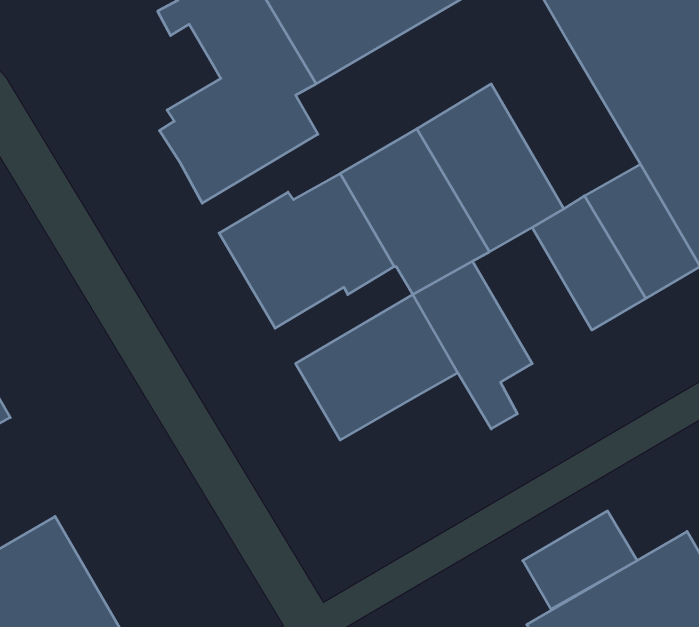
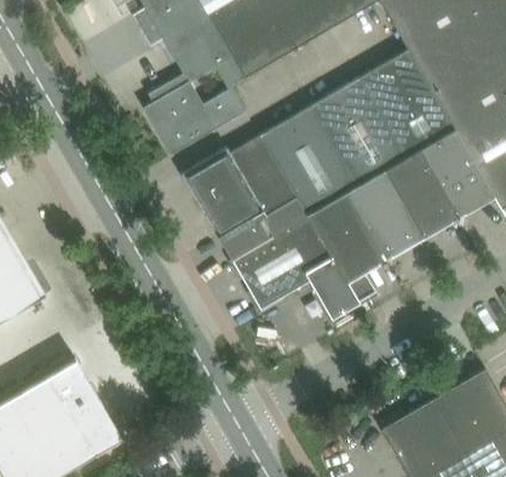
building: none -> [358,48,455,157]
building: none -> [346,169,424,258]
building: none -> [218,195,307,258]
building: none -> [309,264,358,317]
building: [523,511,637,609] -> none

